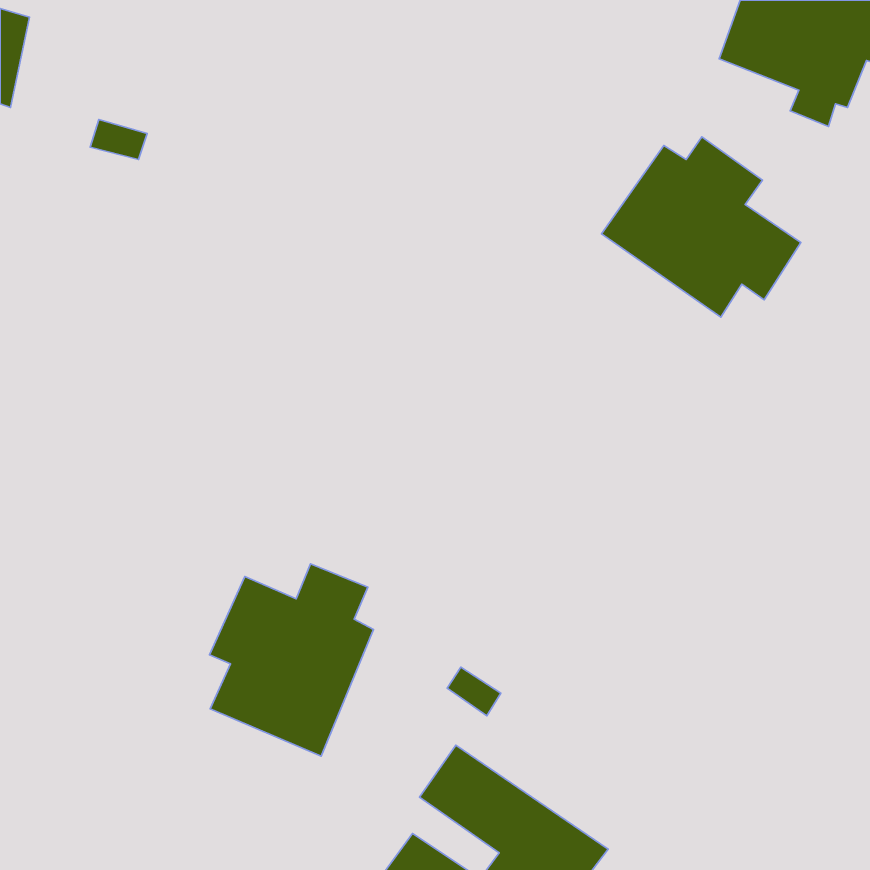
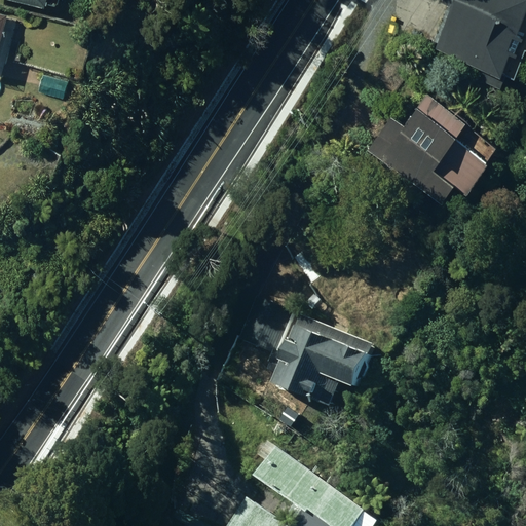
building: none -> [247,302,376,411]
building: [210,564,374,756] -> none

